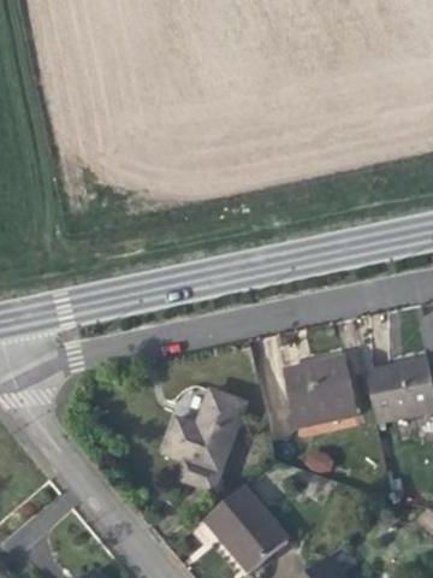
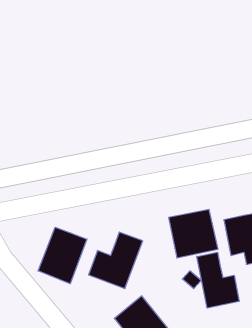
building: none -> [38,227,87,284]
building: none -> [197,252,239,308]

